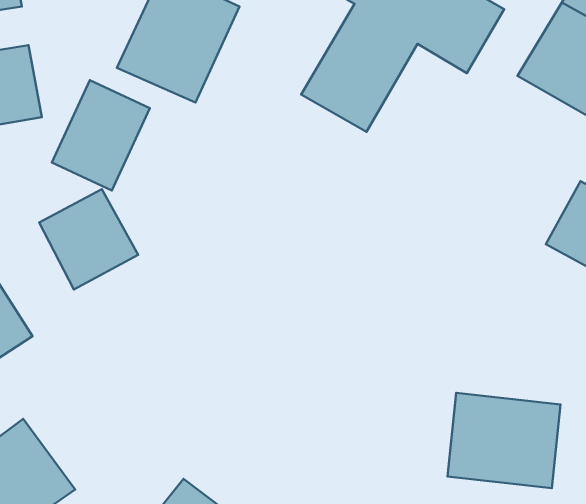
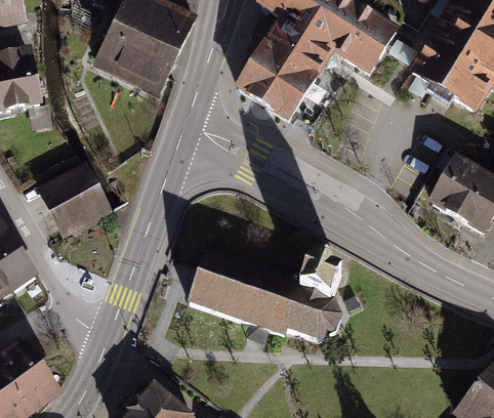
building: [52,80,150,190] -> none
building: none -> [189,248,340,342]
building: [447,393,560,488] -> none

